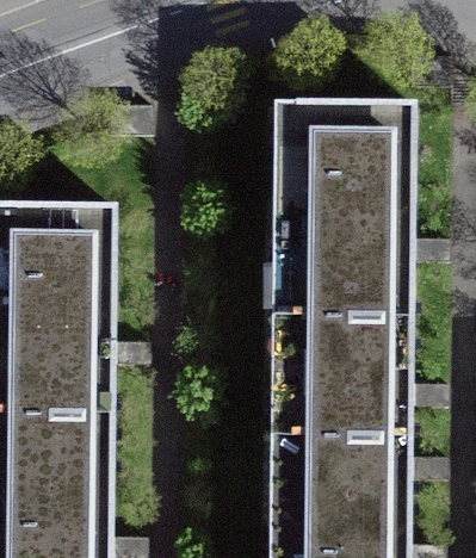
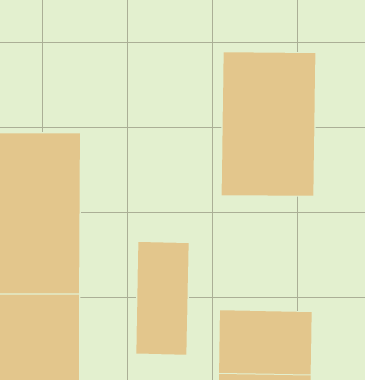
building: [280,290,402,439] -> none
building: none -> [136,241,189,356]

